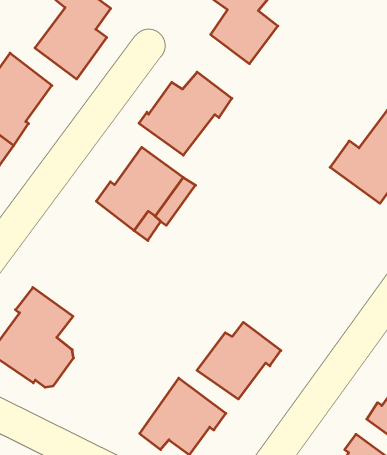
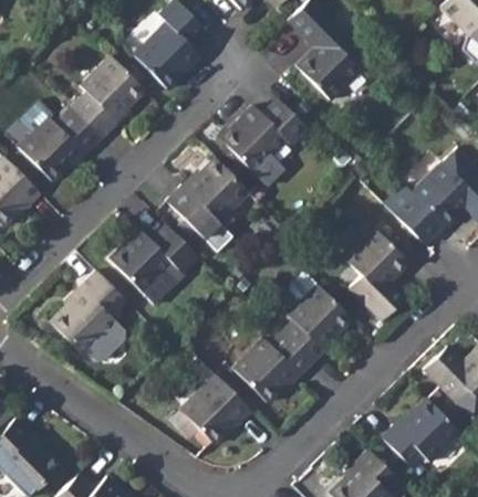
building: none -> [345,225,411,317]
building: none -> [107,224,197,305]
building: none -> [282,271,351,361]

